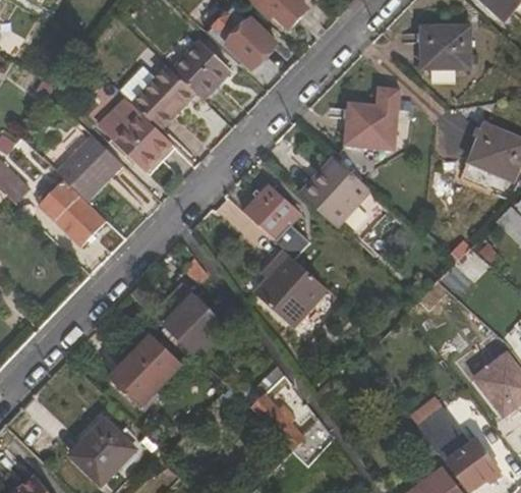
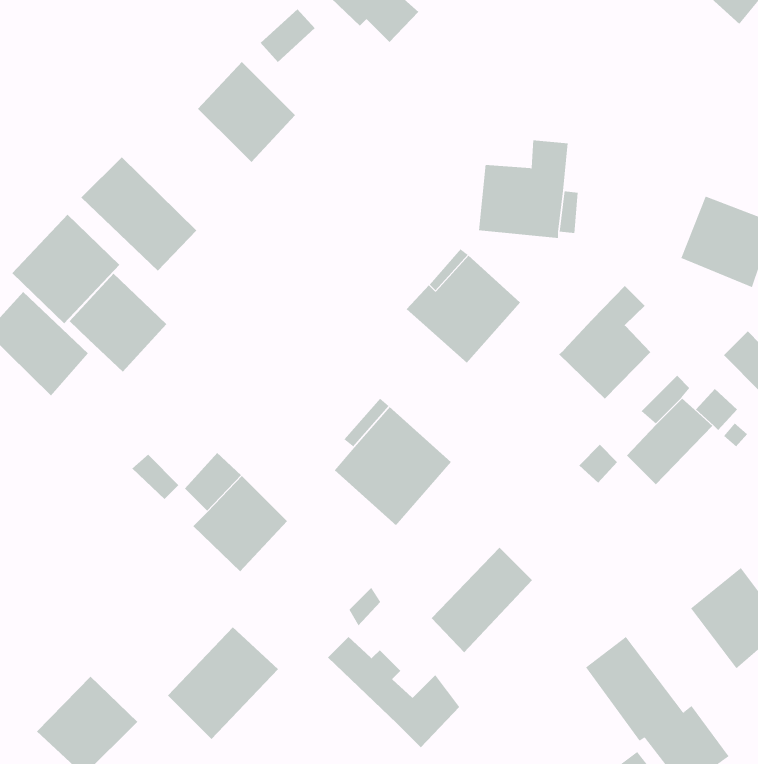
building: [225,18,276,69] -> none
building: [420,25,470,67] -> none
building: [130,65,194,130] -> none
building: none -> [69,273,167,372]
building: none -> [558,285,651,399]
building: [242,184,298,240] -> none
building: [111,335,180,405] -> [167,626,279,740]
building: none -> [431,547,533,653]

